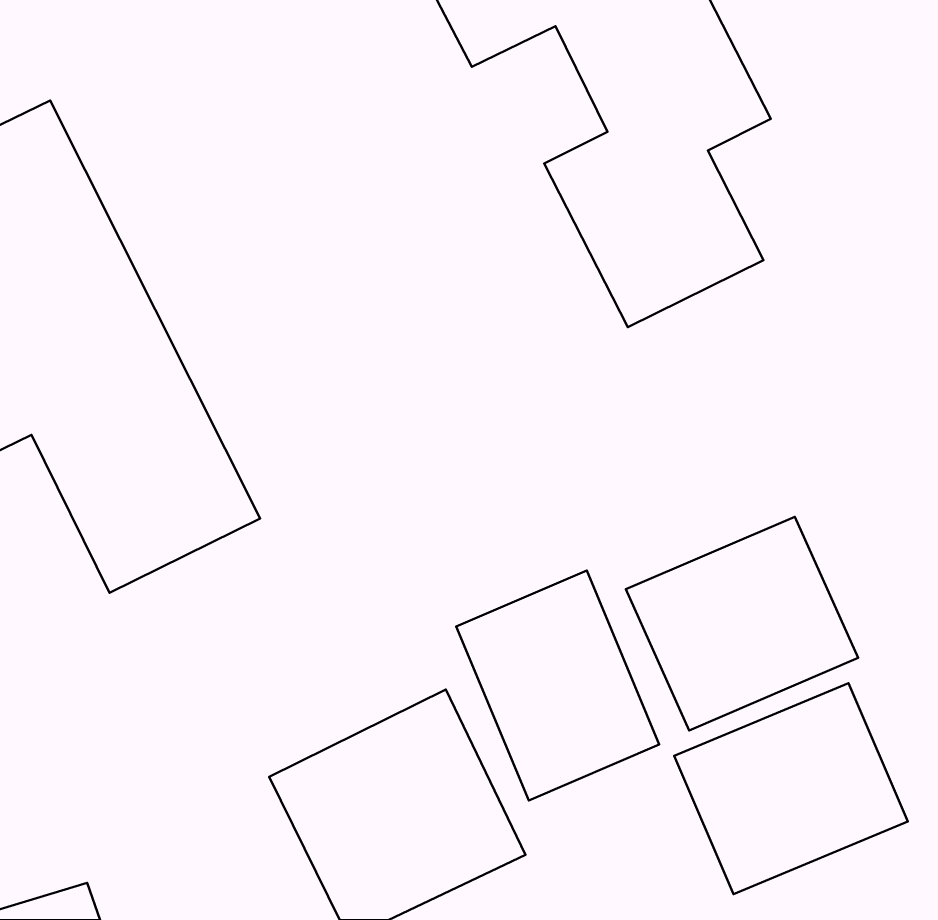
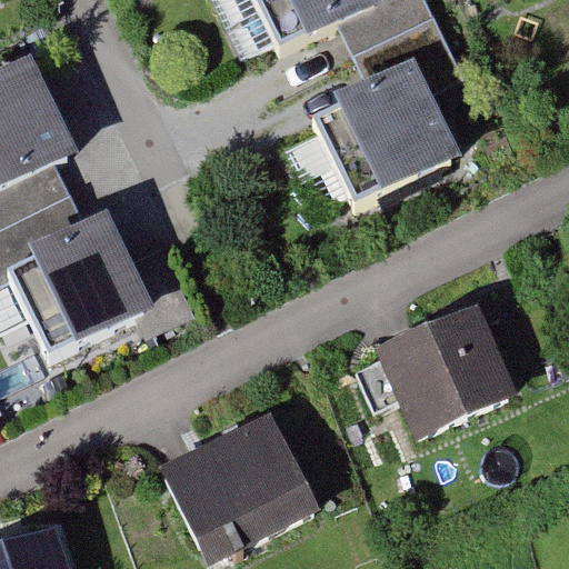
building: [456,570,659,801] -> none
building: [674,683,908,894] -> none

